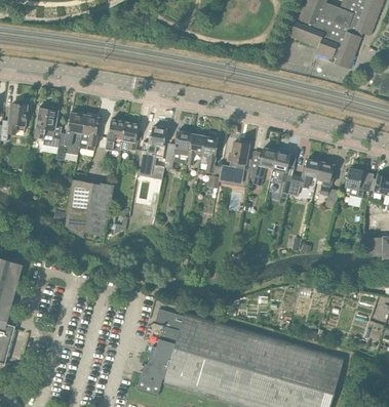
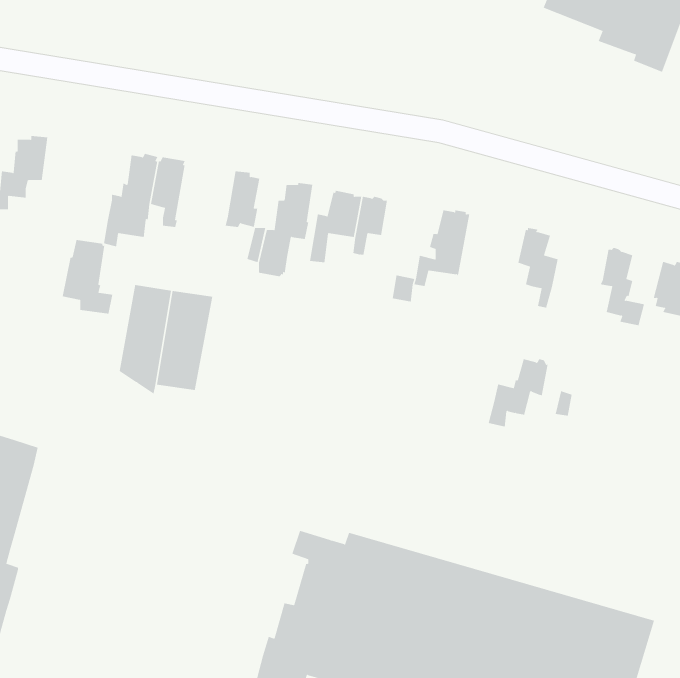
building: [34,107,61,146] -> [62,239,113,314]
building: [105,118,125,150] -> none
building: [200,135,219,172] -> none
building: [248,147,277,179] -> none
building: [288,158,320,194] -> [488,358,549,427]

